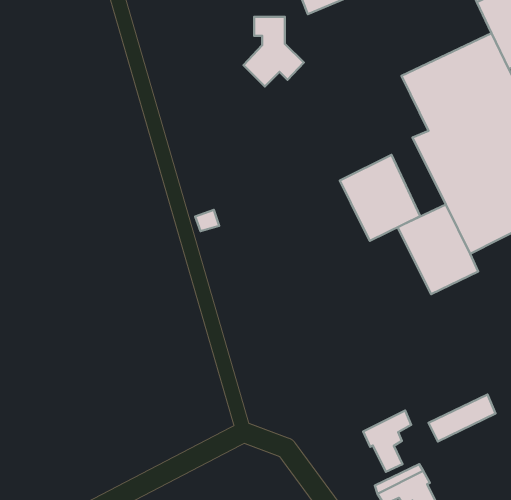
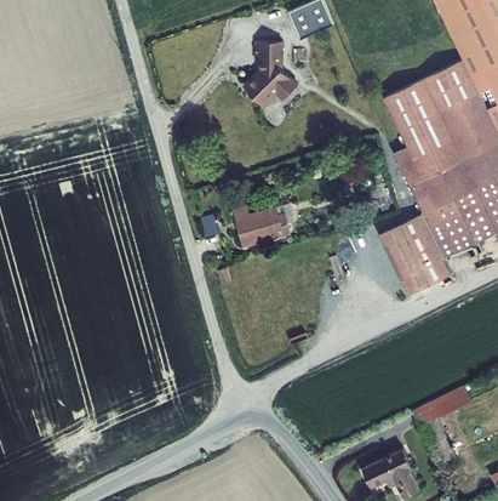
building: [340,155,420,241] -> none
building: none -> [231,214,285,246]
building: [363,411,411,472] -> none

